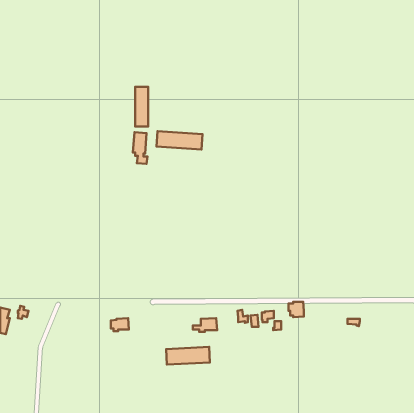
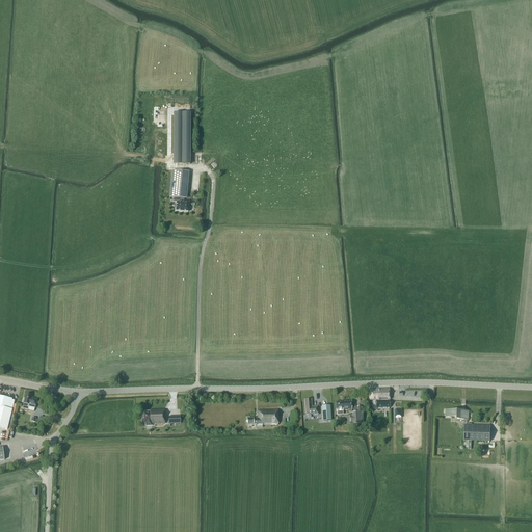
building: [156,131,202,150] -> none
building: none -> [463,423,490,440]
building: [166,347,210,365] -> none

